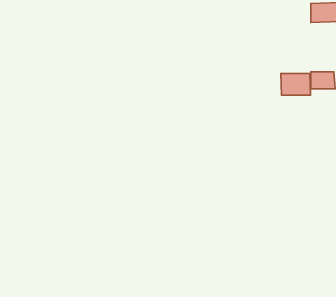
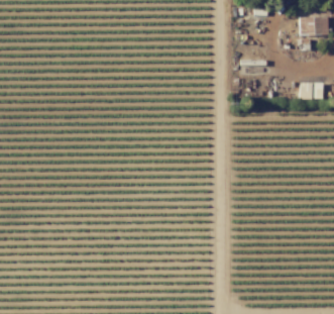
building: [281,74,310,95] -> none

